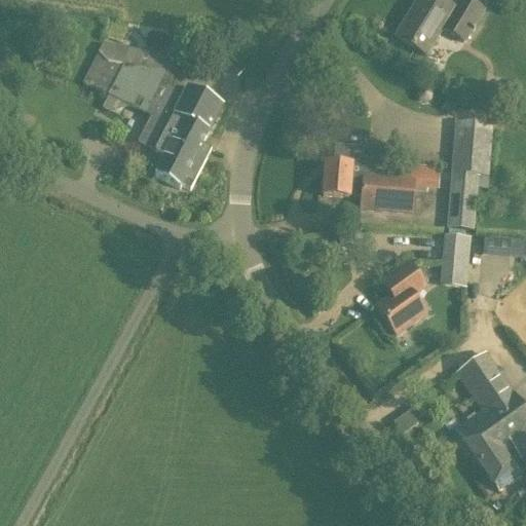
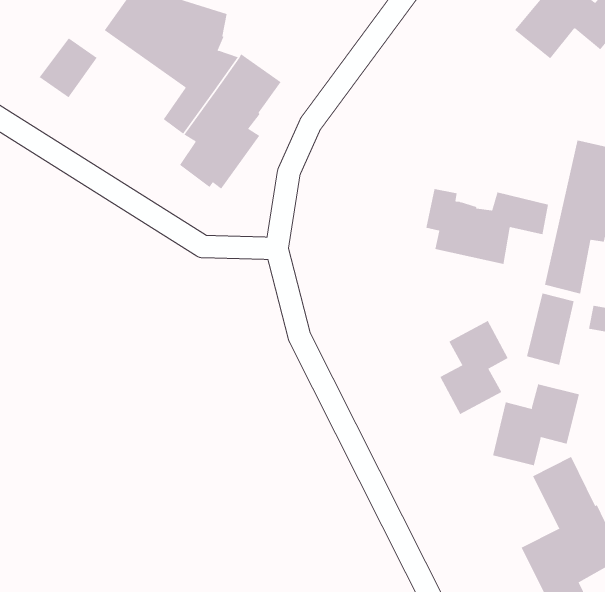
building: none -> [39,38,97,98]
building: [323,145,374,196] -> none
building: none -> [492,384,580,466]

